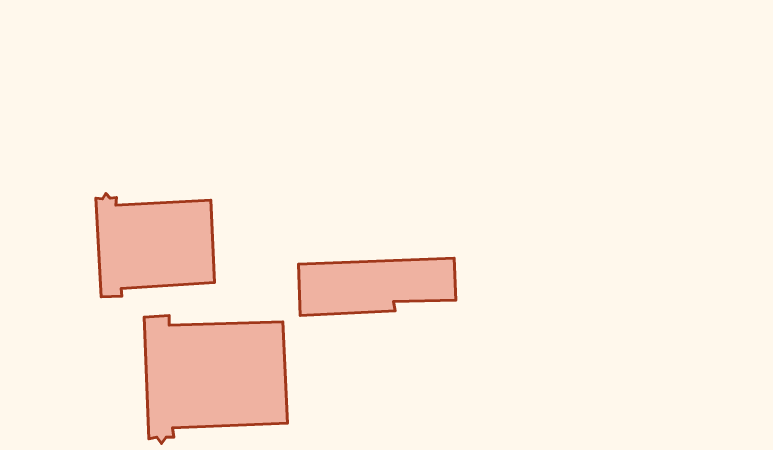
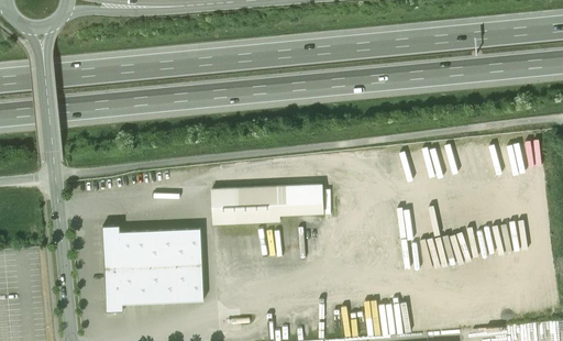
building: [96,193,215,297] -> none

